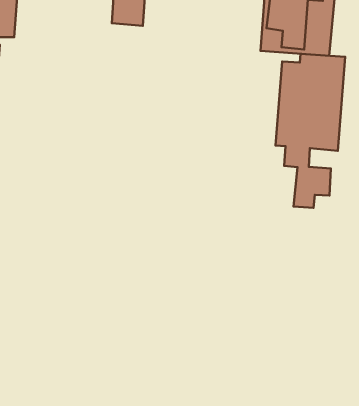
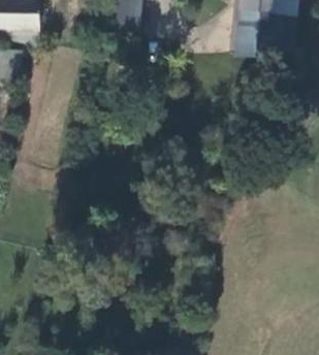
building: [275,54,345,208] -> none

